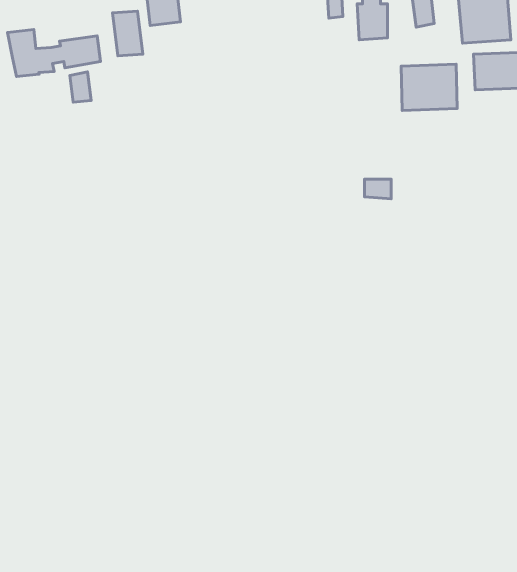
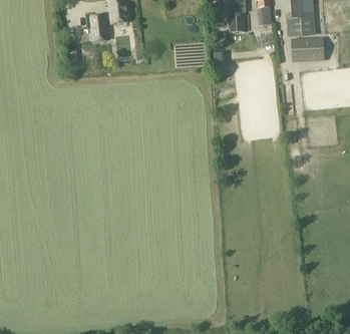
building: [7,29,100,77] -> none
building: [401,64,457,110] -> none

